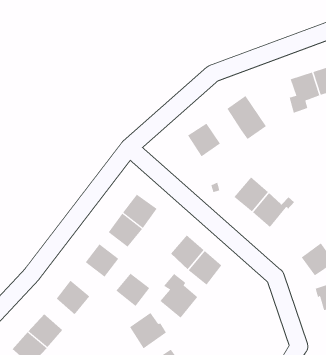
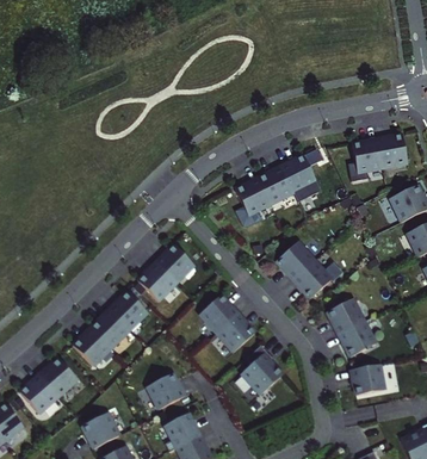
building: none -> [258,167,292,203]
building: none -> [327,299,363,335]
building: [116,273,150,307] -> [91,310,128,347]
building: [159,273,198,318] -> [241,346,283,395]

